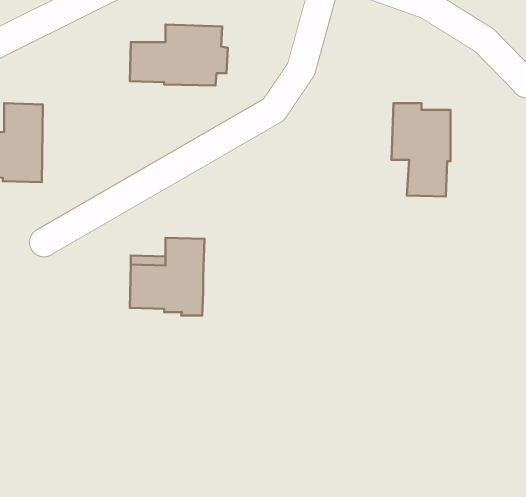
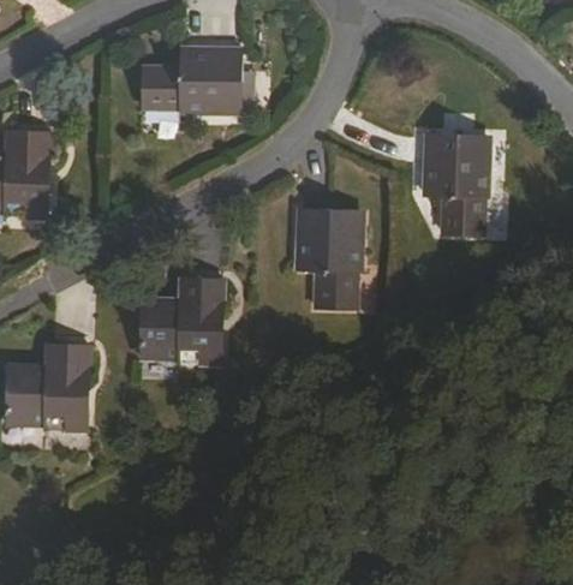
building: none -> [293,213,360,310]
building: none -> [7,342,88,429]

